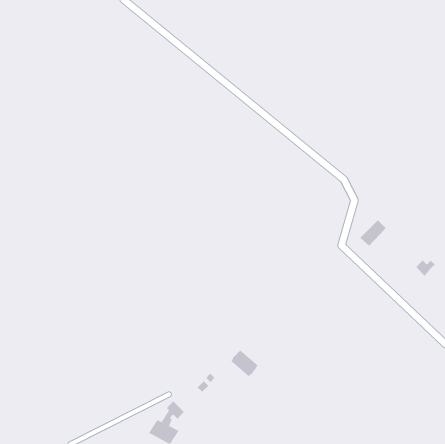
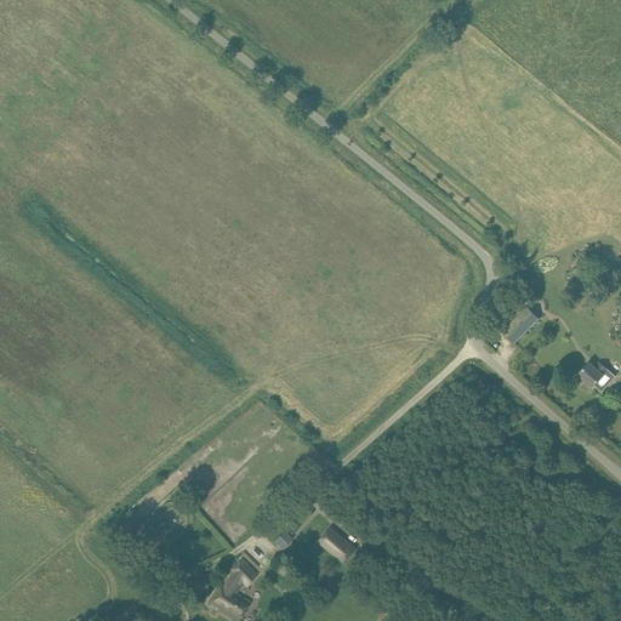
building: [231,350,258,377] -> [318,525,357,563]

